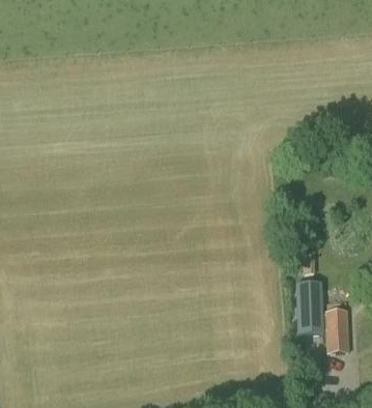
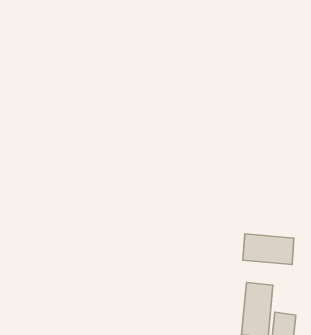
building: none -> [243,234,294,265]

